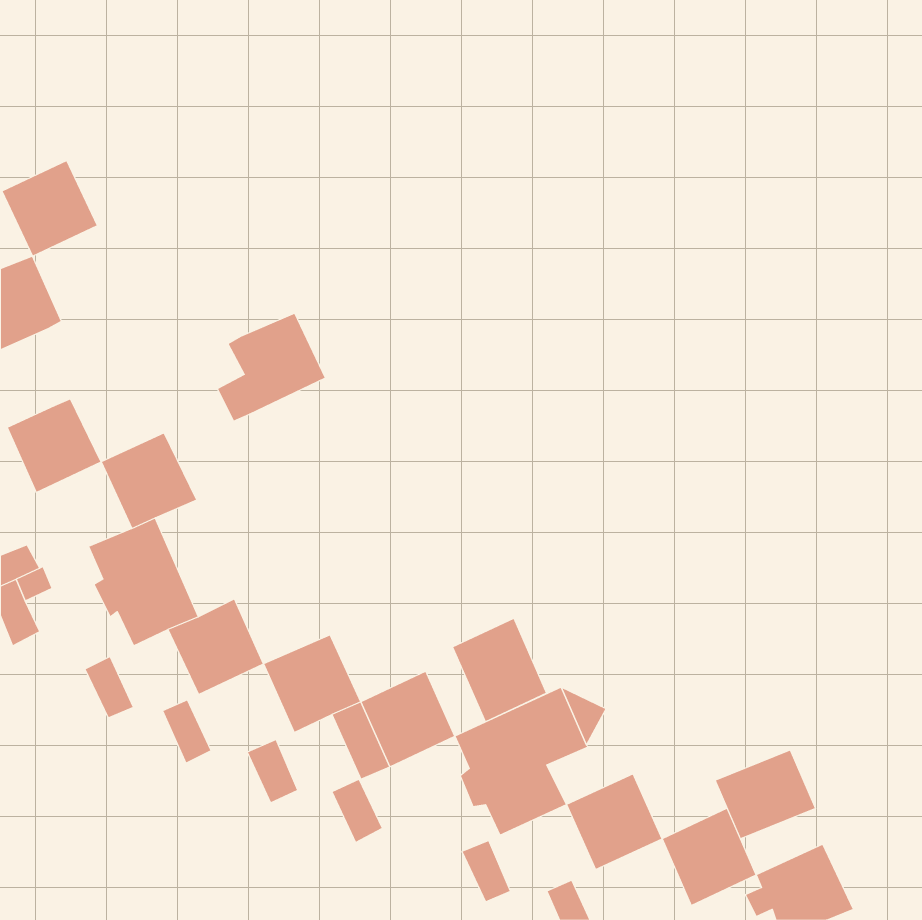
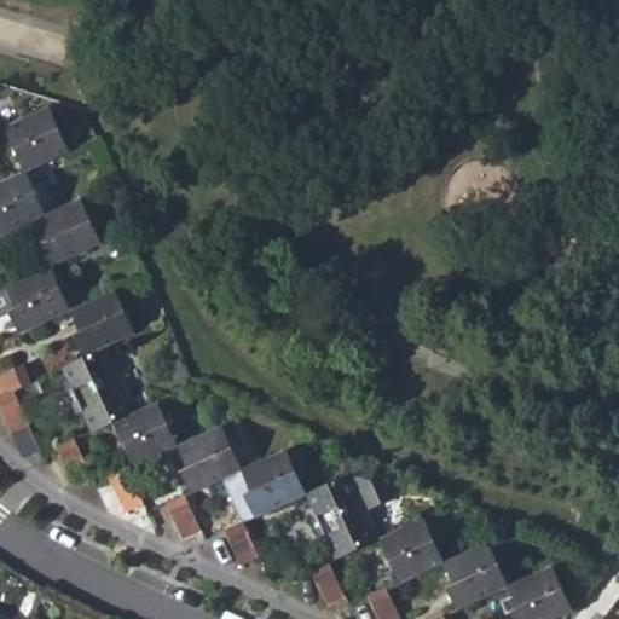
building: [217,313,325,421] -> [25,199,98,272]
building: [452,618,547,722] -> none
building: [715,750,816,839] -> none

